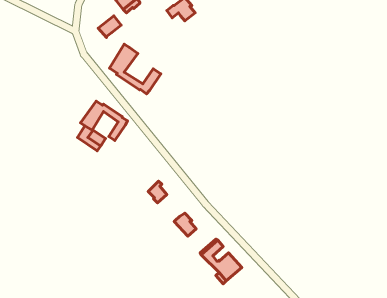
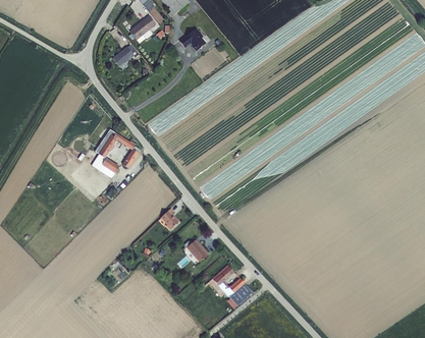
building: [110,44,161,94] -> none

